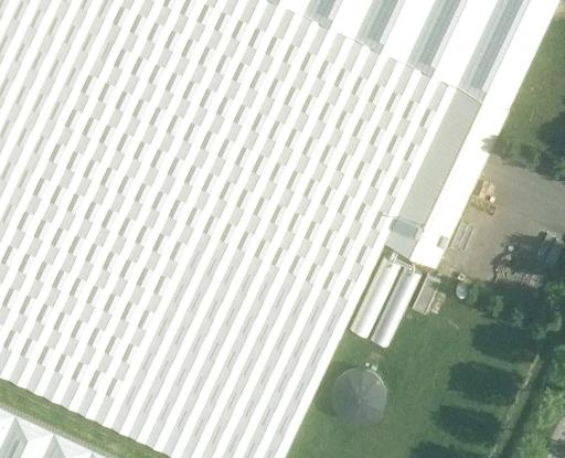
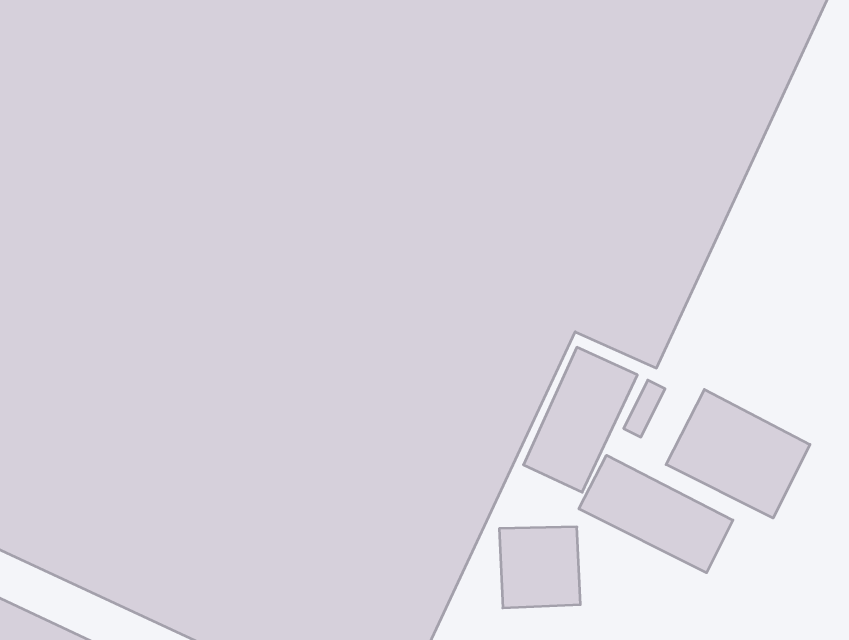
building: none -> [666,389,810,518]
building: none -> [579,455,733,573]

